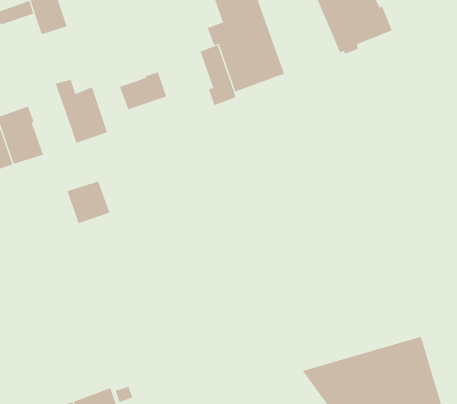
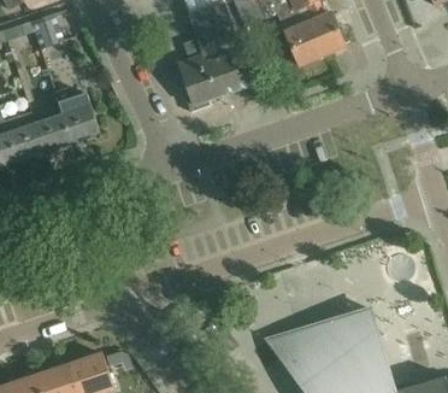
building: [119,72,167,110] -> none
building: [67,181,110,224] -> [34,115,71,152]

